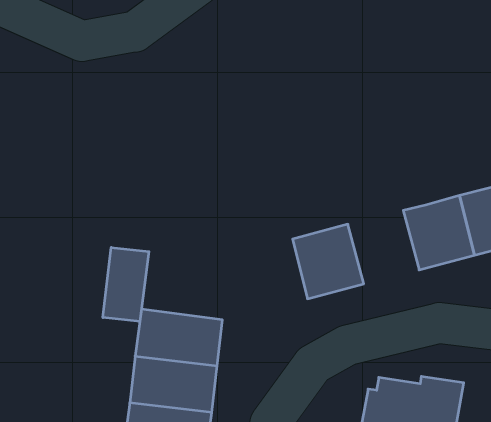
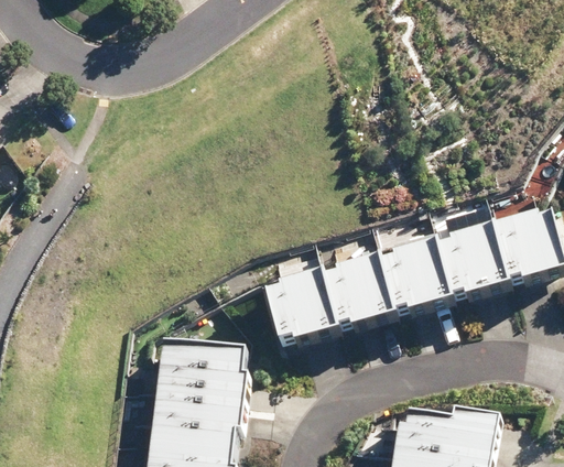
building: none -> [378,236,452,312]
building: none -> [262,265,336,343]
building: [103,247,149,322] -> none

